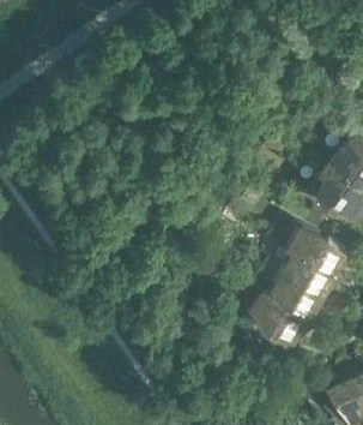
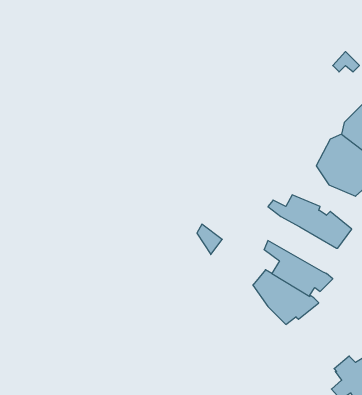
building: [267,251,341,294] -> none

